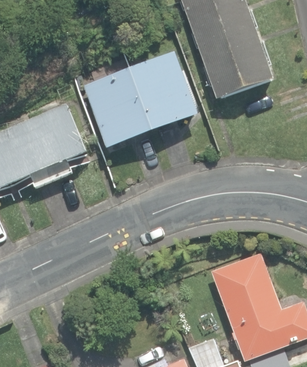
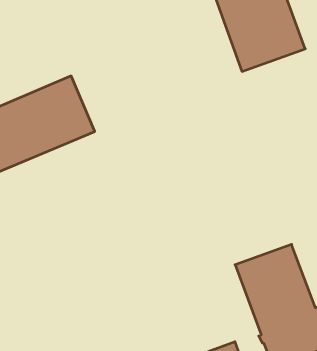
building: [83,50,199,149] -> none

